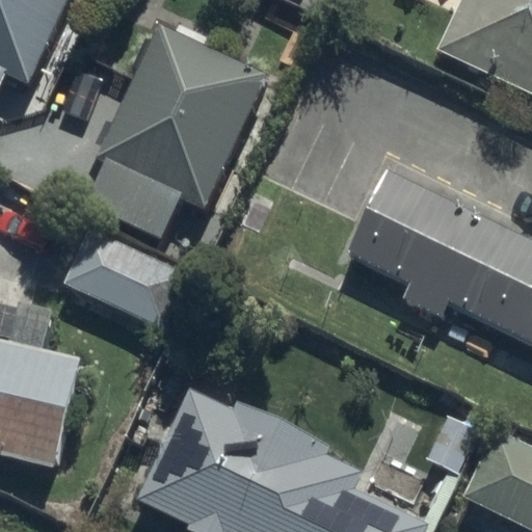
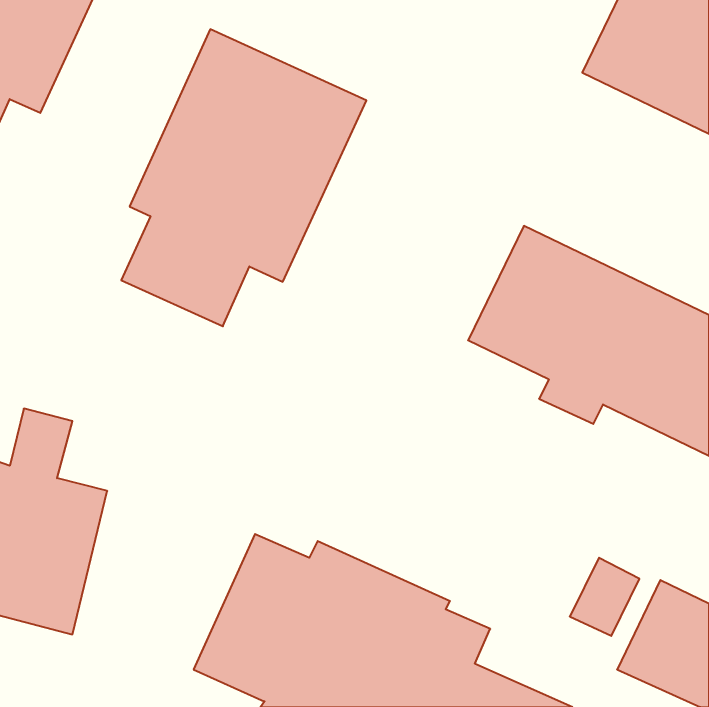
building: [62,230,190,332] -> none

